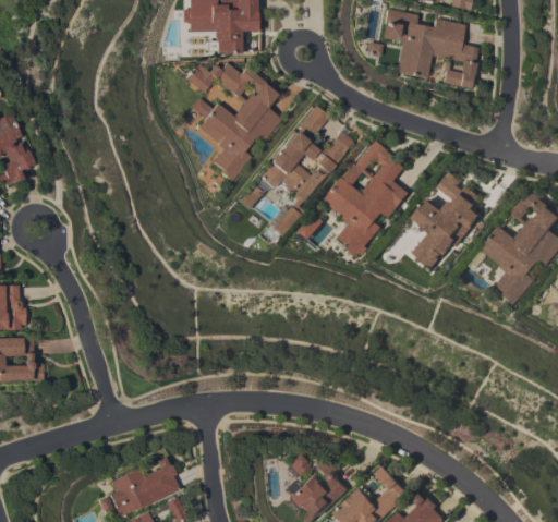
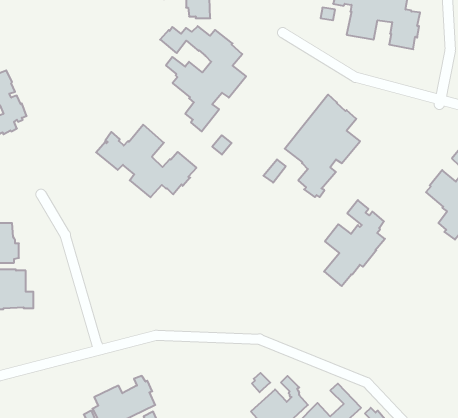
building: [259,105,353,234] -> none
building: [413,171,482,268] -> [324,200,385,286]
building: none -> [96,125,196,197]

